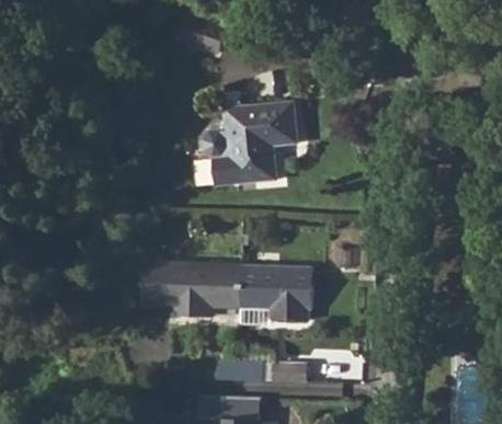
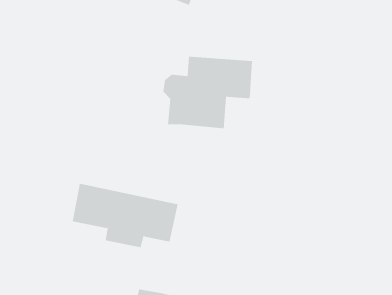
building: [244,266,316,324] -> none

